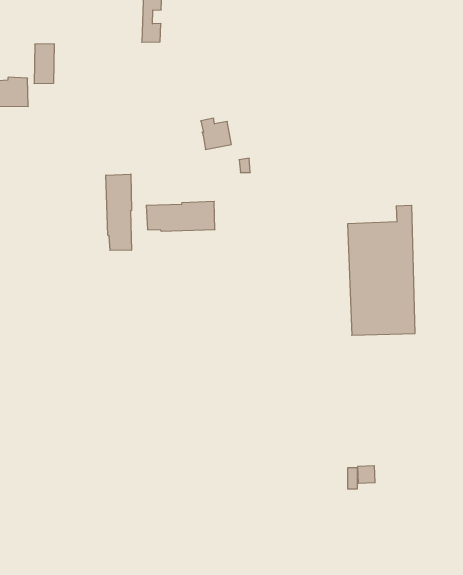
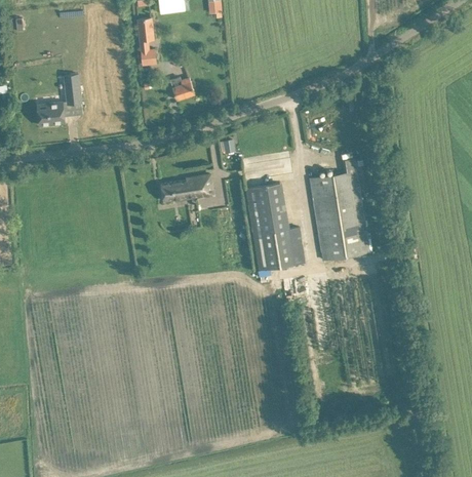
building: [201,118,231,149] -> [169,77,194,101]
building: [106,174,132,250] -> none
building: none -> [245,185,304,271]

